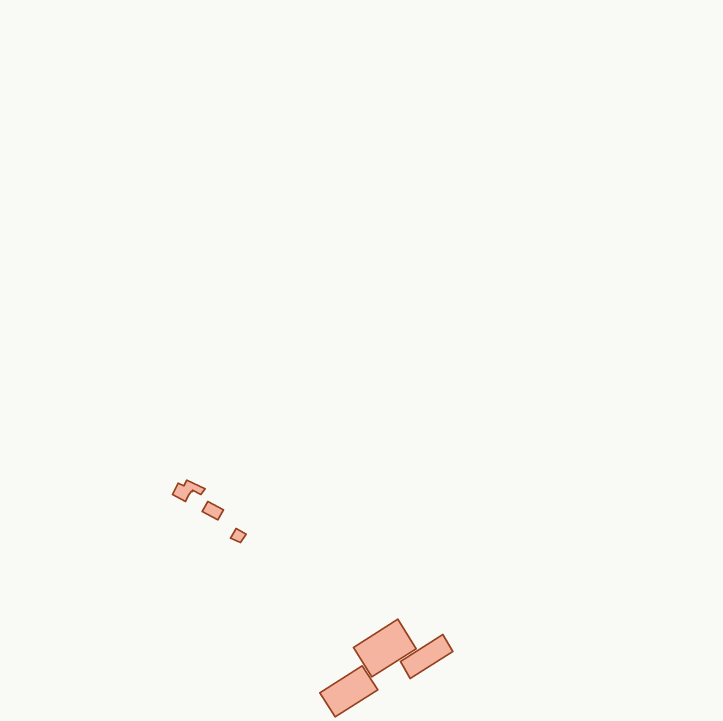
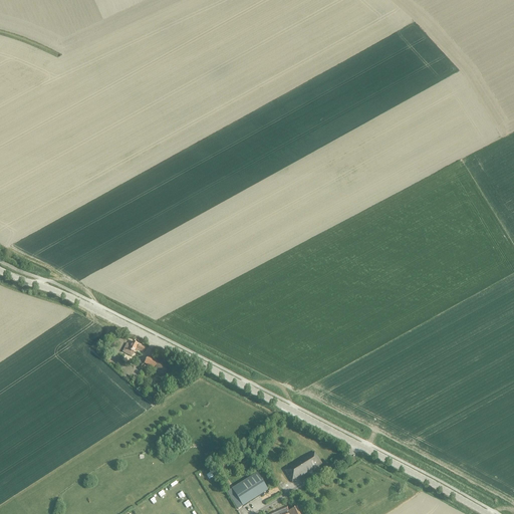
building: [353,619,416,677] -> none

